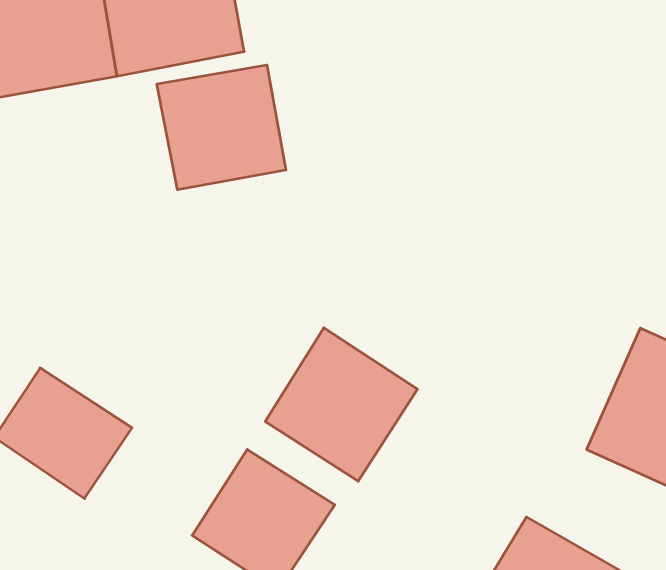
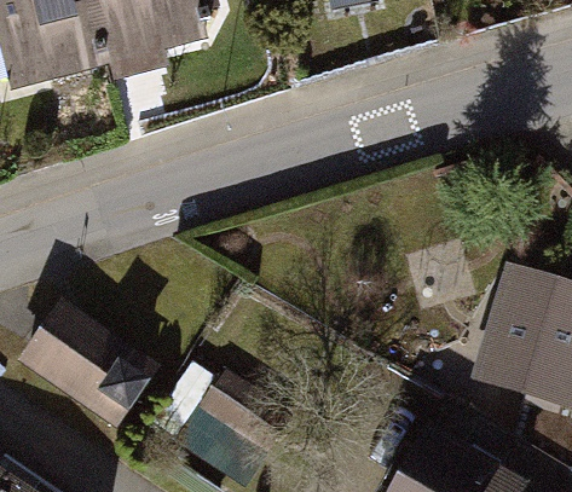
building: [157,65,286,190] -> none
building: [265,328,417,481] -> none

